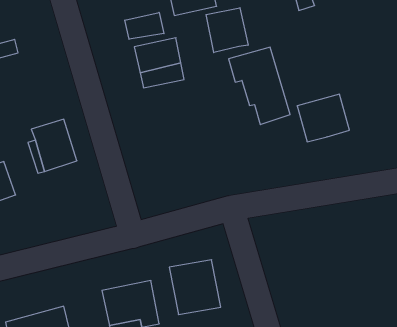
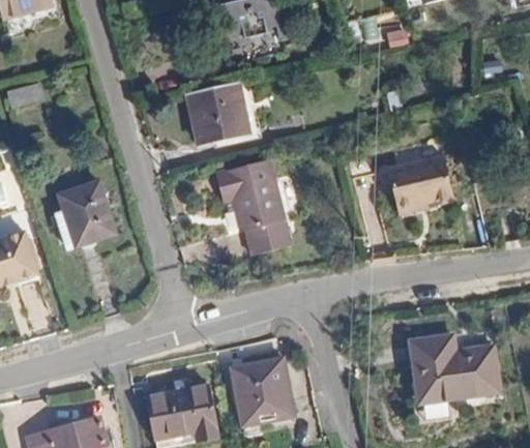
building: [206,8,248,53] -> none
building: [125,12,164,39] -> none
building: [229,47,290,125] -> [213,155,290,251]
building: none -> [406,337,497,408]

